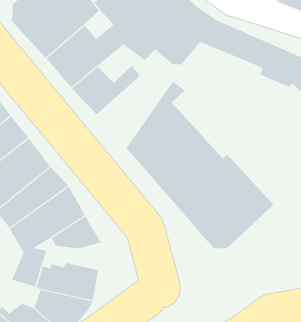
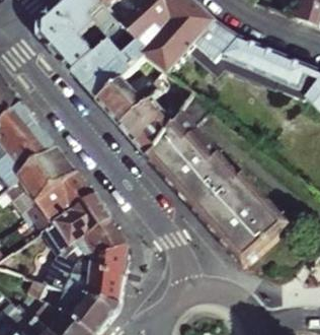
building: none -> [119,79,191,156]
building: none -> [68,246,125,272]

